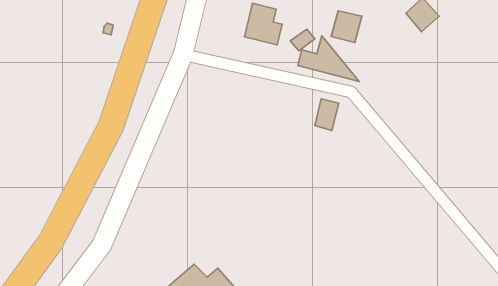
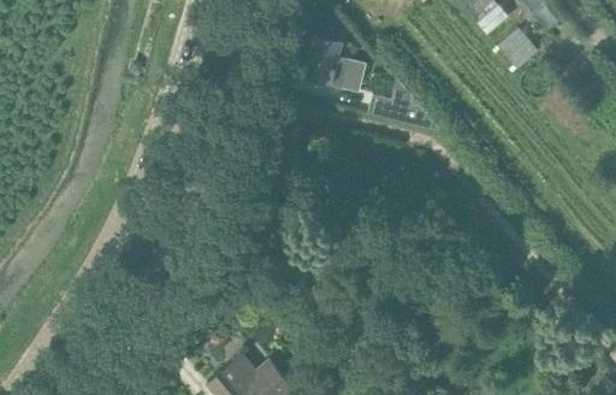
building: [331,11,362,43] -> none
building: [315,99,339,131] -> none

